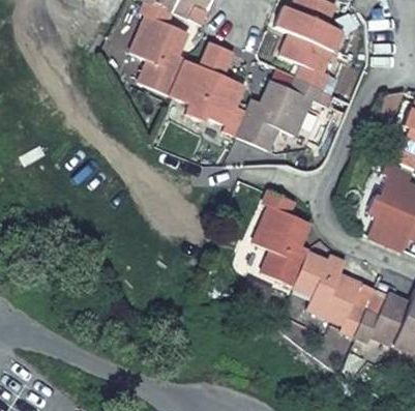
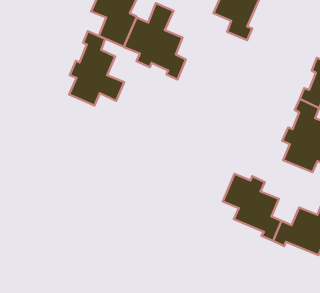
building: none -> [69,31,124,106]
building: [237,77,323,150] -> none
building: [253,189,309,286] -> none

